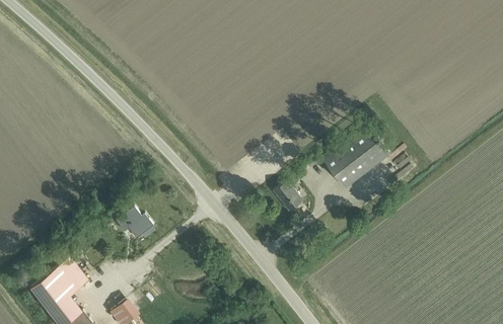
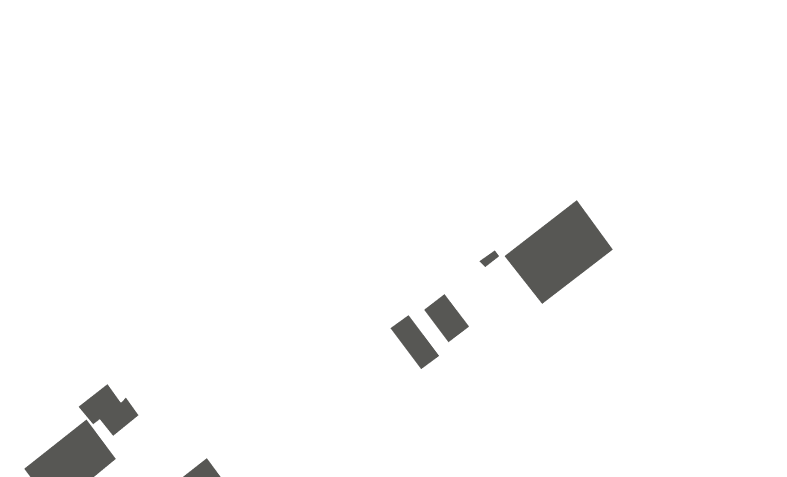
building: none -> [390,314,440,370]
building: [115,207,152,239] -> [78,383,140,437]

